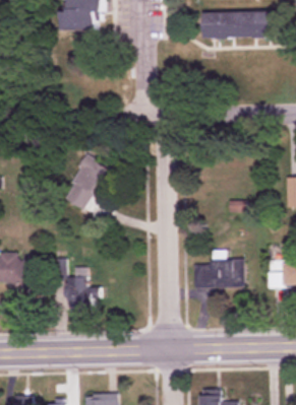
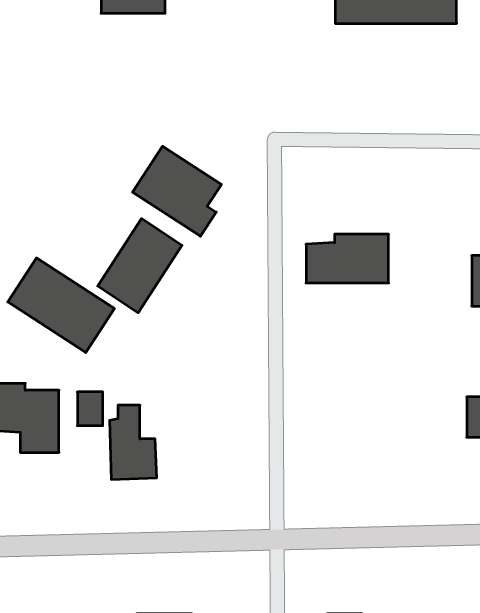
building: none -> [133,146,221,236]
building: none -> [8,258,114,353]
building: [193,258,243,287] -> [306,234,389,283]

